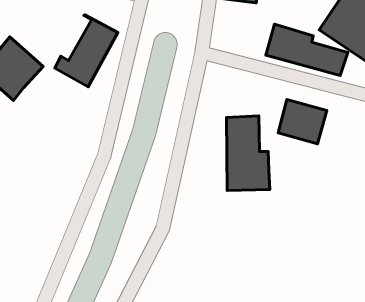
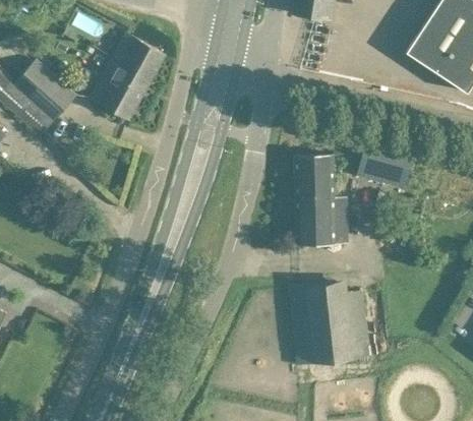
building: [266,24,348,76] -> none
building: none -> [289,281,371,366]

